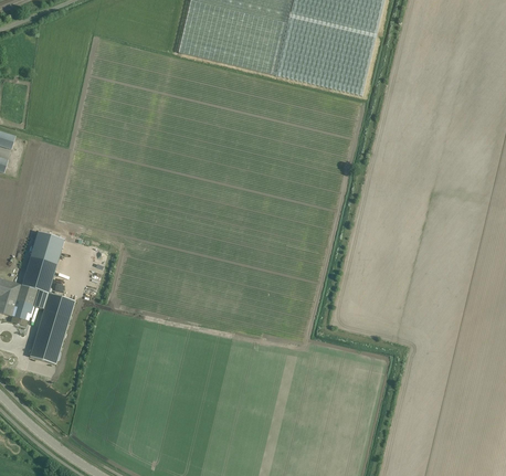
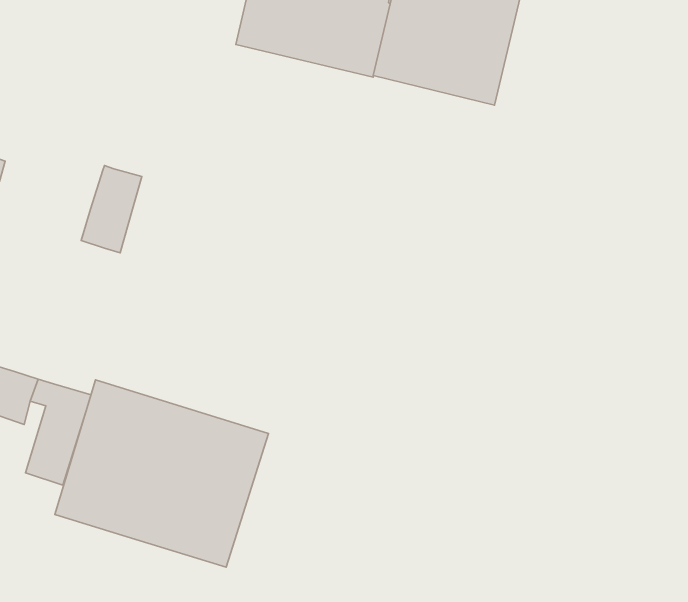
building: [20,231,63,293] -> [81,166,142,253]
building: none -> [55,380,268,567]

